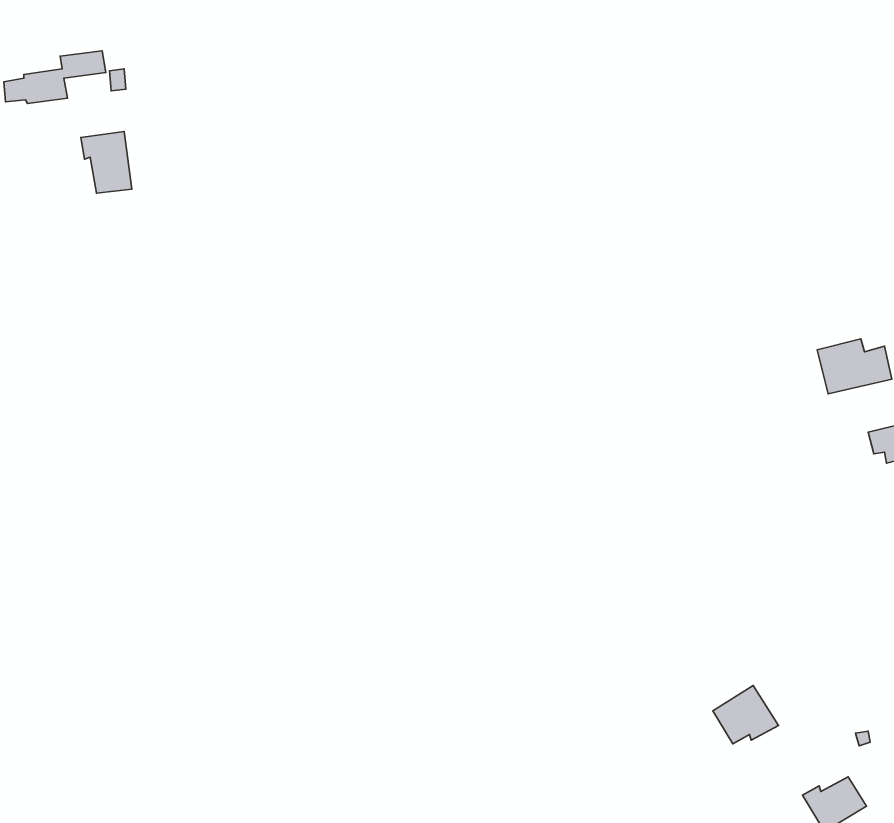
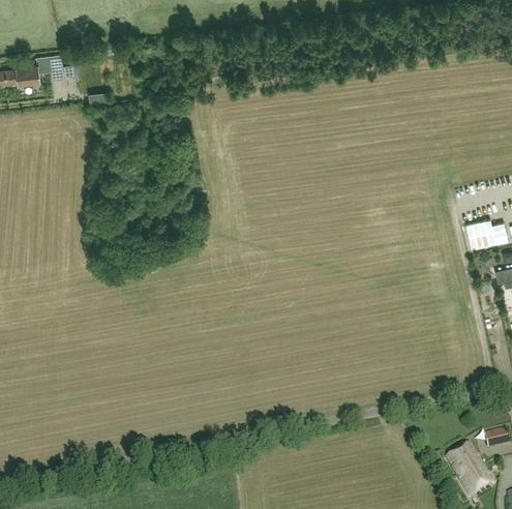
building: [81,131,132,193] -> none
building: [713,685,779,744] -> [446,444,483,477]

